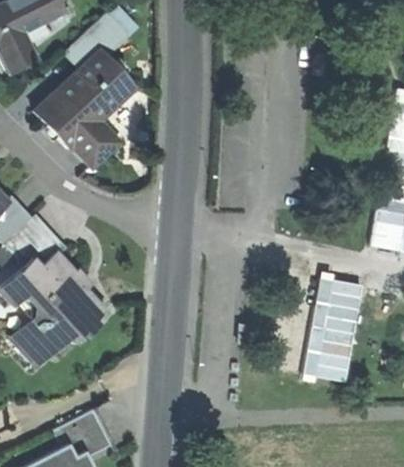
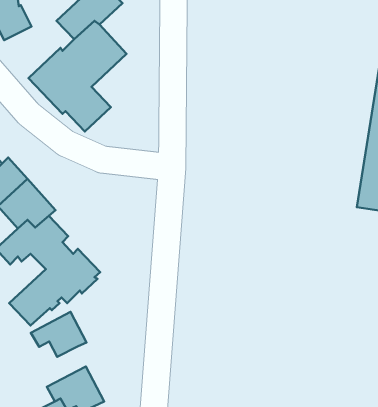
building: [305,278,363,378] -> none
building: none -> [31,312,87,357]

